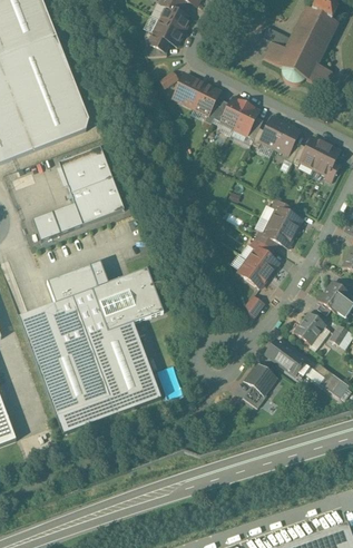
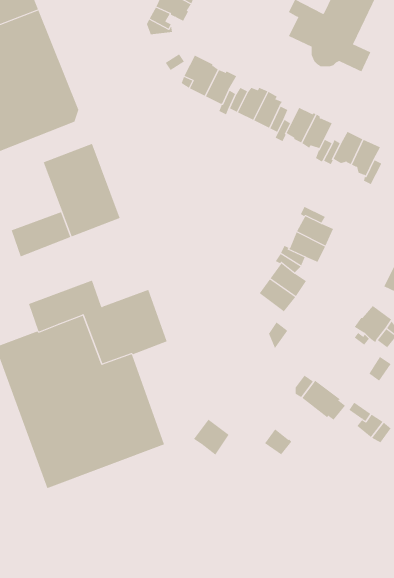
building: [294,312,325,344] -> none
building: [245,363,275,393] -> [193,419,229,455]

